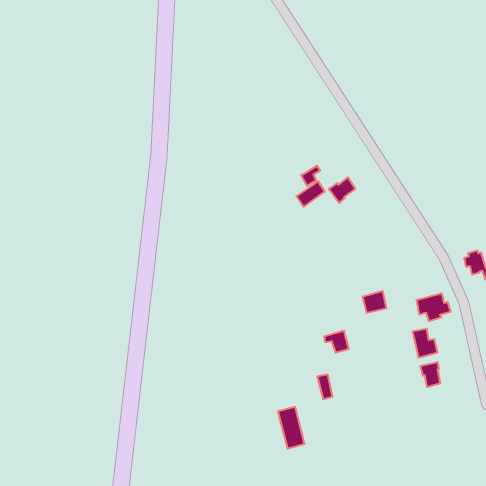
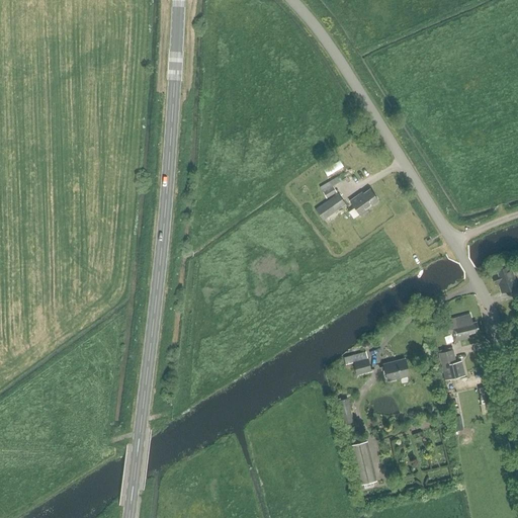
building: [363,291,386,313] -> [384,357,410,380]
building: [420,362,440,387] -> none
building: [278,407,305,449] -> [350,440,378,485]

